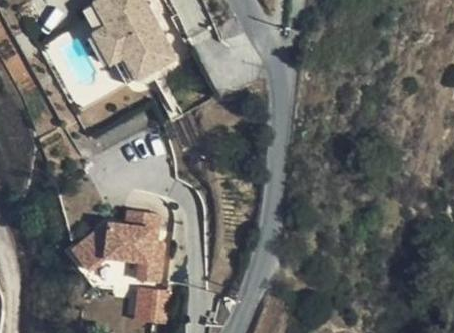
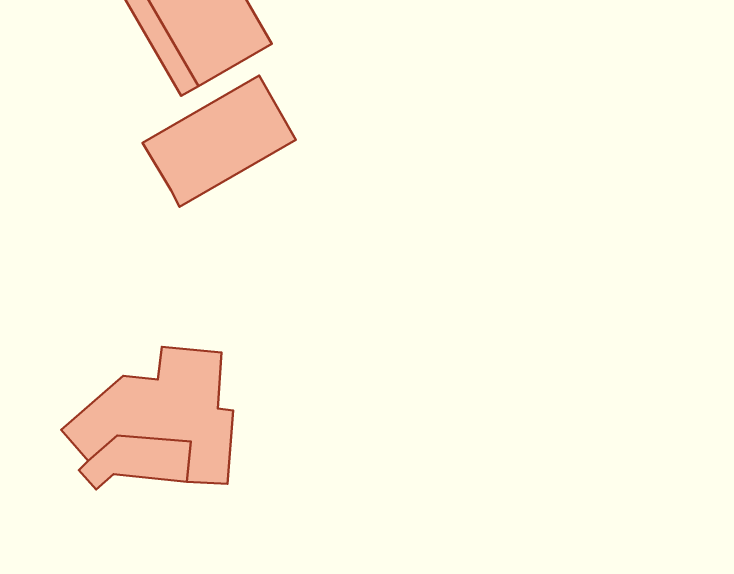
building: none -> [143,76,296,207]
building: [134,286,171,322] -> none

